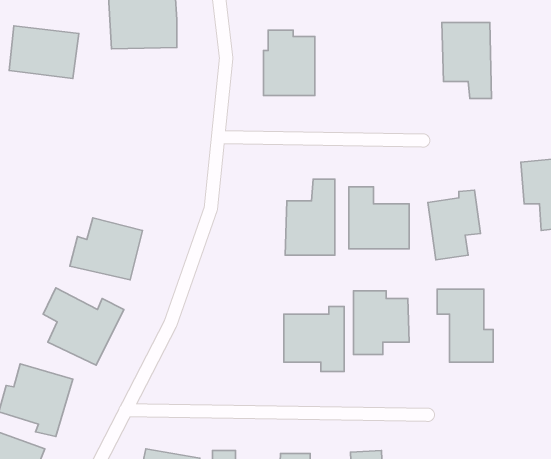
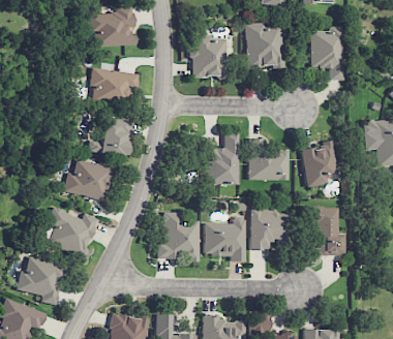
building: none -> [245,23,283,68]
building: [9,26,79,78] -> [90,68,137,103]
building: none -> [100,119,131,155]
building: none -> [156,212,200,259]

